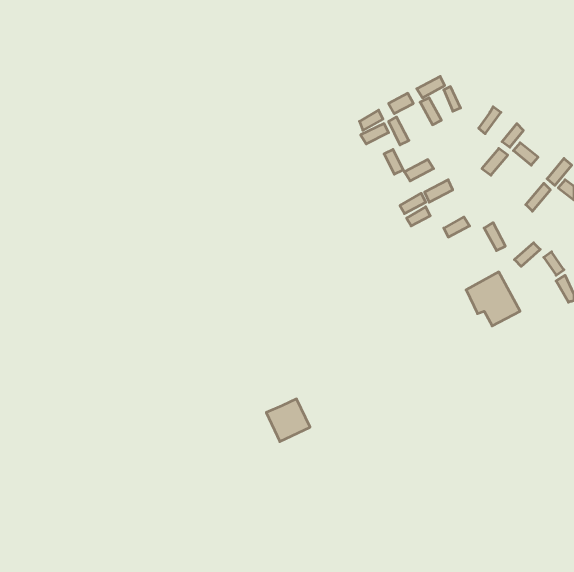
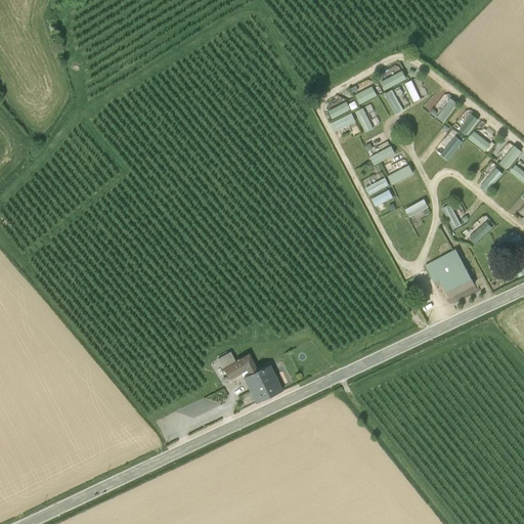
building: none -> [217,350,257,379]

